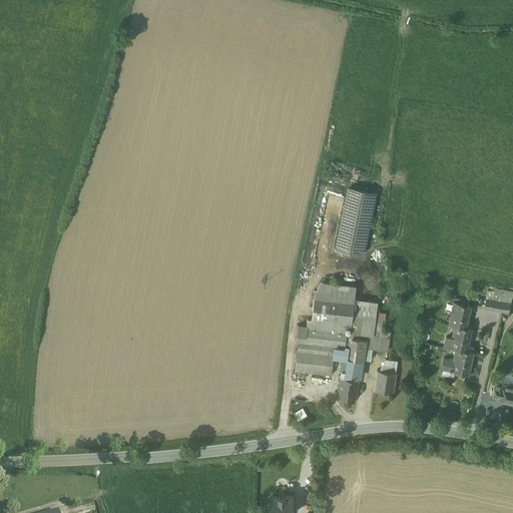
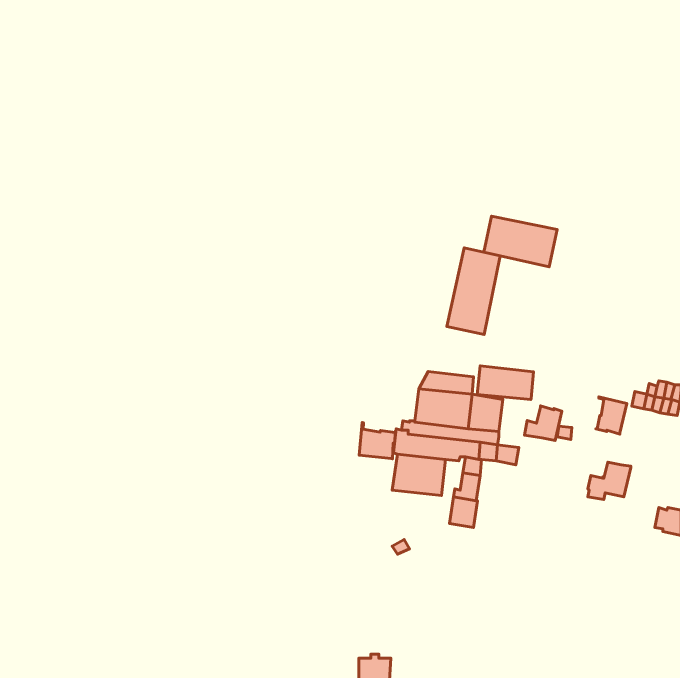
building: none -> [484,216,557,267]
building: none -> [477,366,533,399]
building: none -> [359,423,395,459]
building: [445,326,473,352] -> [524,406,562,441]
building: [376,370,398,394] -> none

